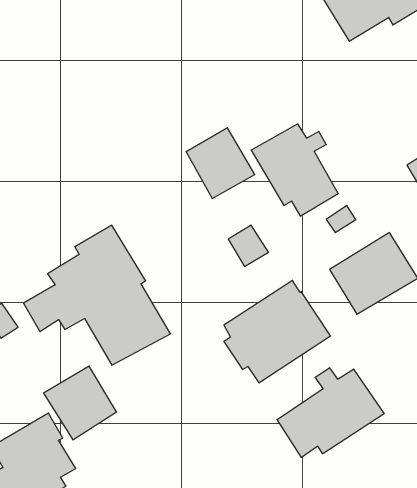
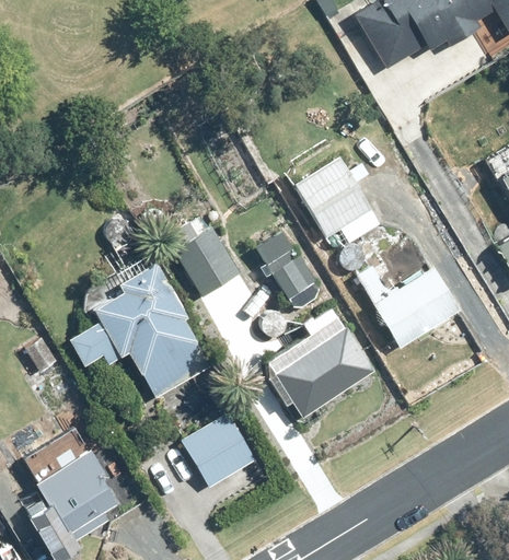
building: [186,128,255,198] -> [174,225,243,296]
building: [44,366,117,440] -> [182,412,255,487]
building: [277,368,384,457] -> none

